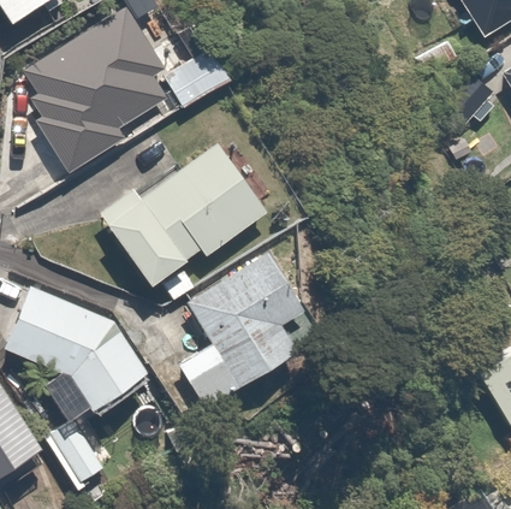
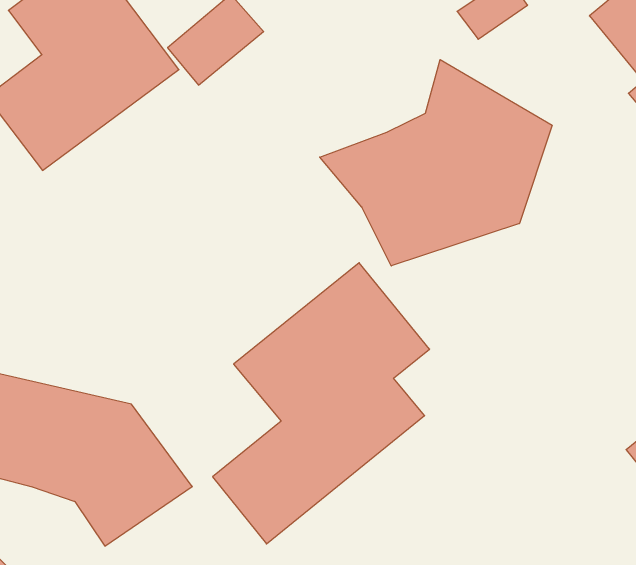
building: none -> [320,60,552,266]
building: [114,136,285,285] -> none

